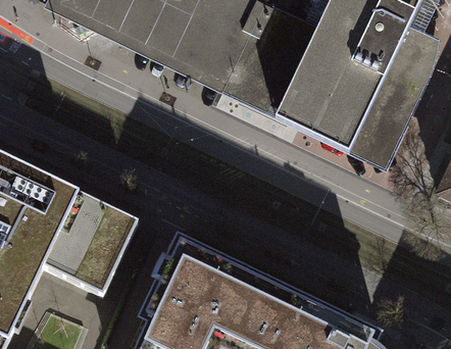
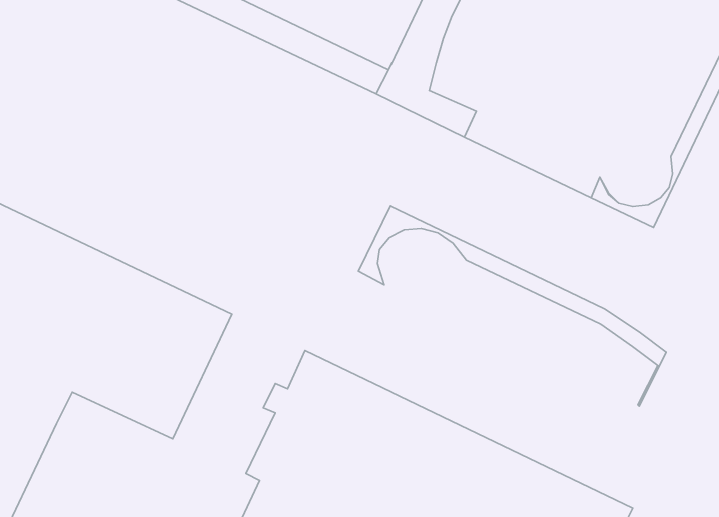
building: none -> [358,206,666,406]

